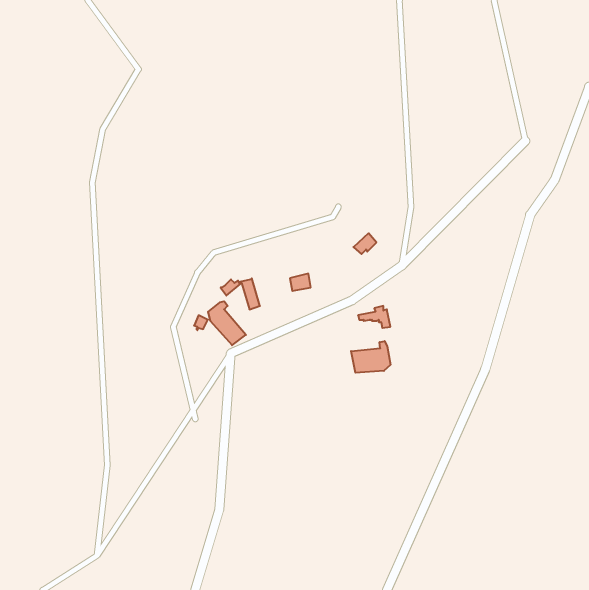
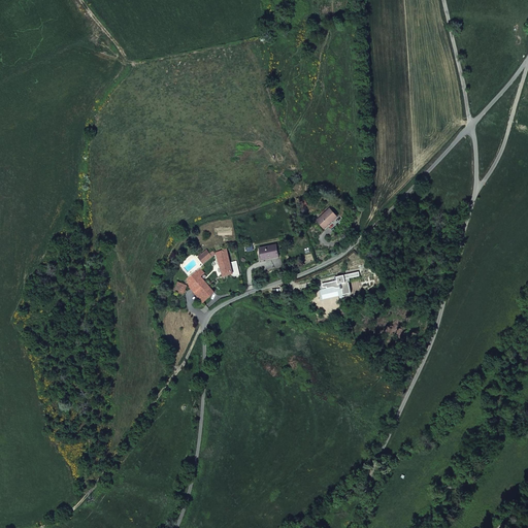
building: [351,341,391,373] -> none

